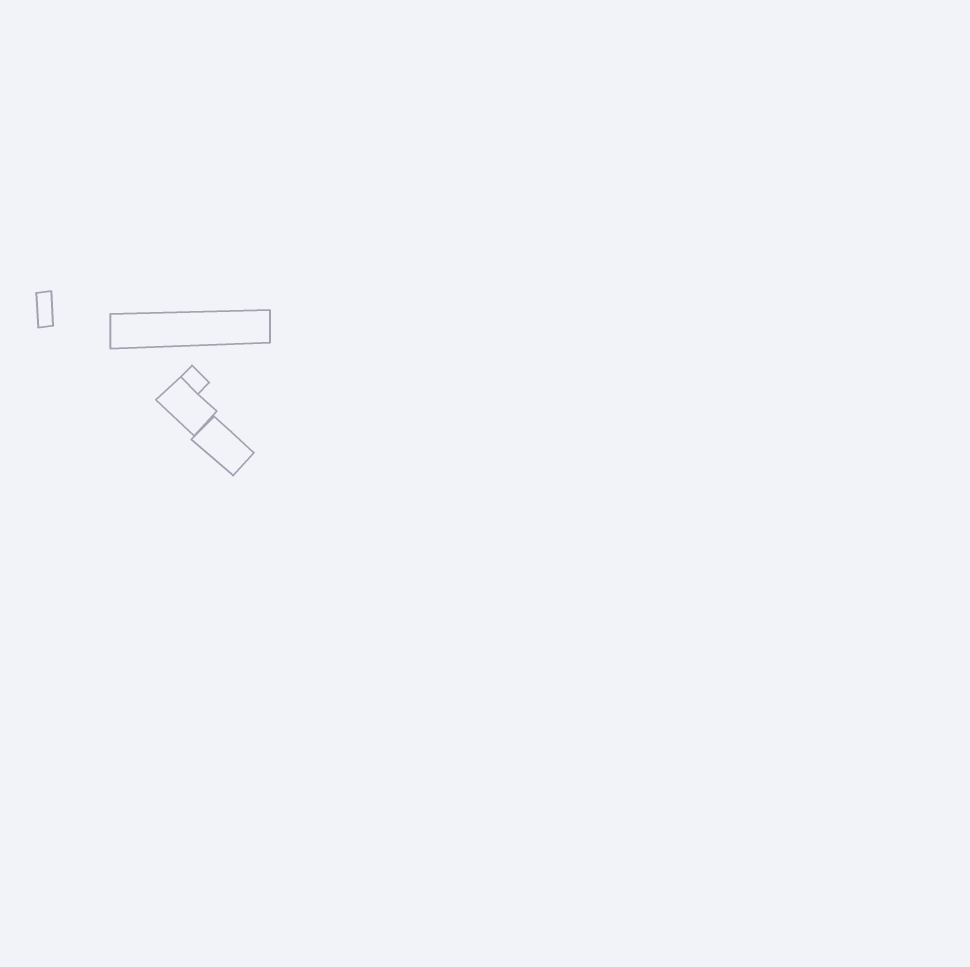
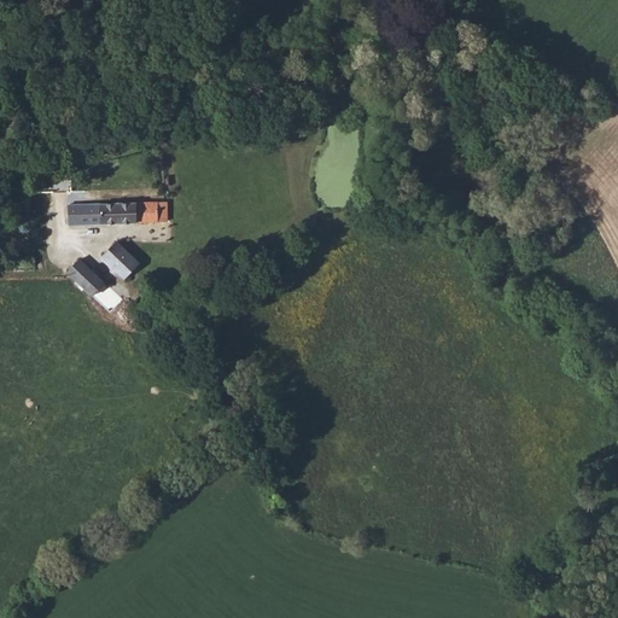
building: [191,417,254,476] -> [63,260,103,297]

